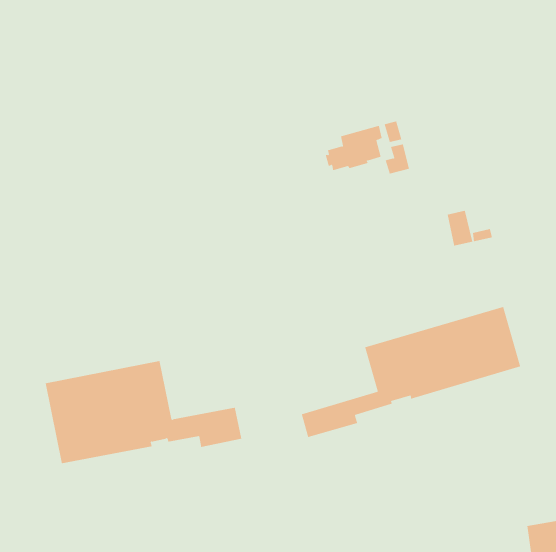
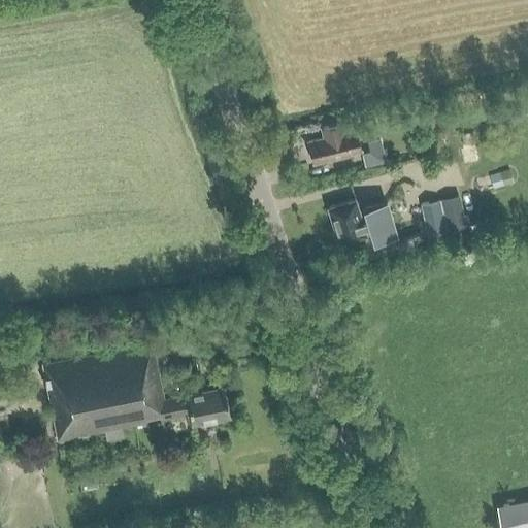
building: none -> [329,202,424,257]
building: [301,306,521,438] -> none

